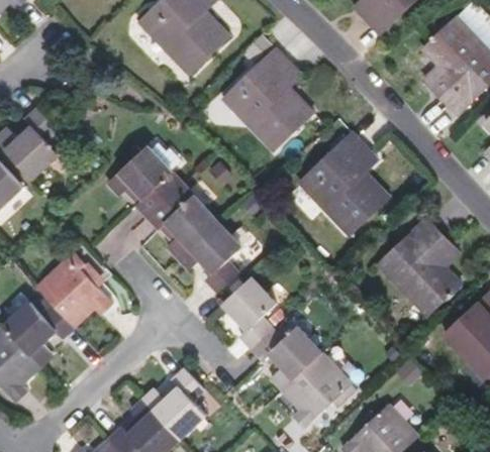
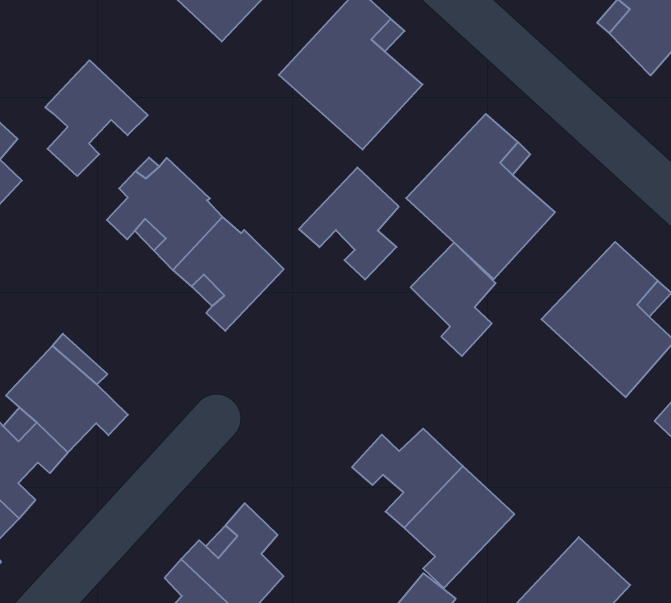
building: none -> [45,60,148,176]
building: [178,221,241,292] -> [299,167,399,280]
building: [222,276,276,348] -> [411,242,496,356]

